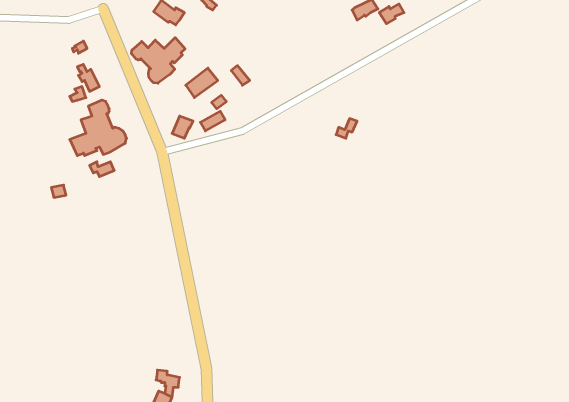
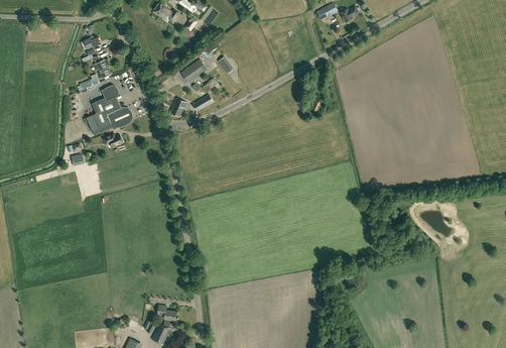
building: [132,38,185,83] -> none

